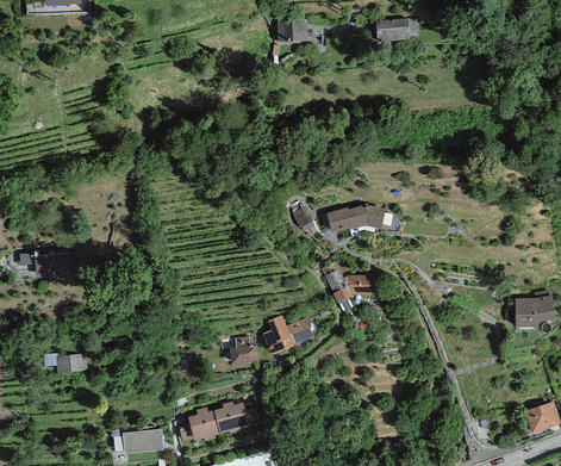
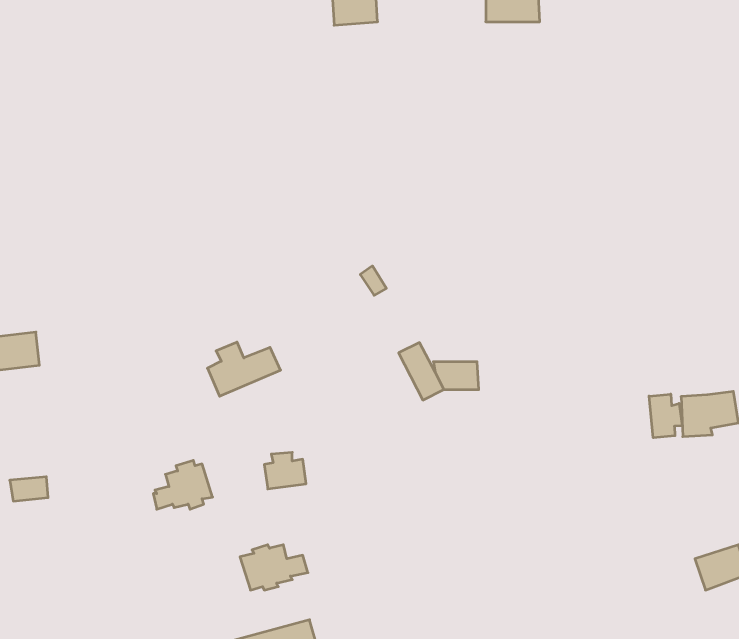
building: [325,207,386,237] -> none
building: none -> [649,394,682,438]
building: [262,316,312,353] -> [207,342,281,396]
building: [180,406,220,440] -> [153,460,213,509]
building: [123,429,163,452] -> none

